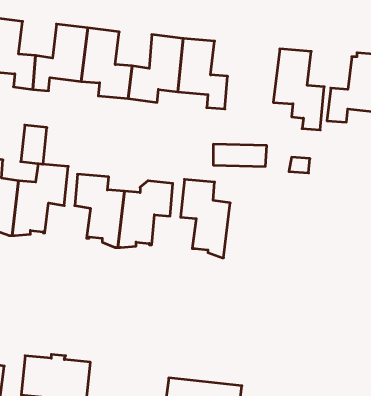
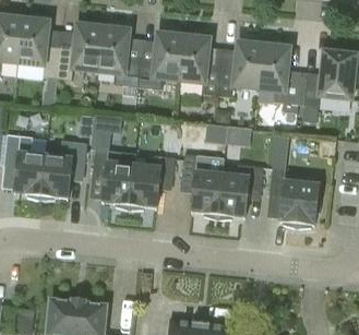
building: none -> [217,40,263,96]
building: [21,125,47,164] -> [91,116,112,148]
building: none -> [216,164,263,219]
building: none -> [268,167,321,227]

